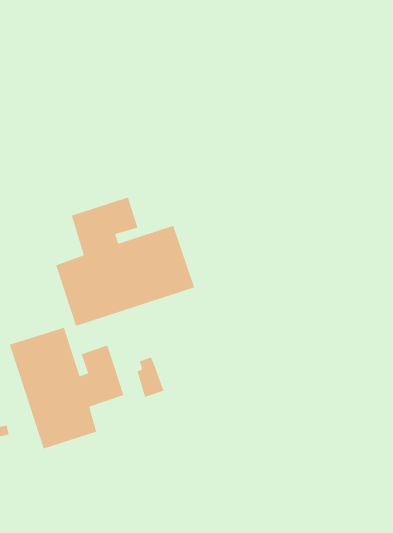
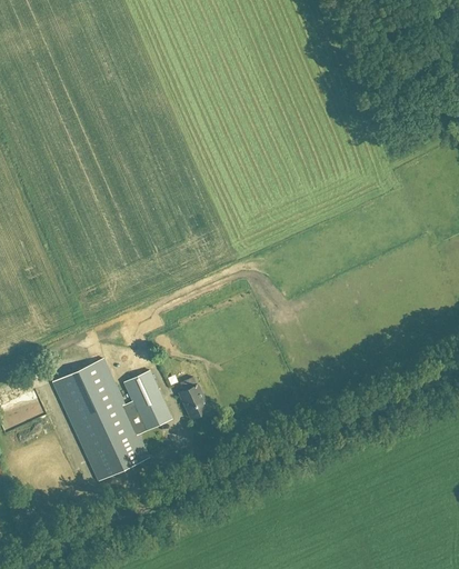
building: [55,197,195,327] -> none

